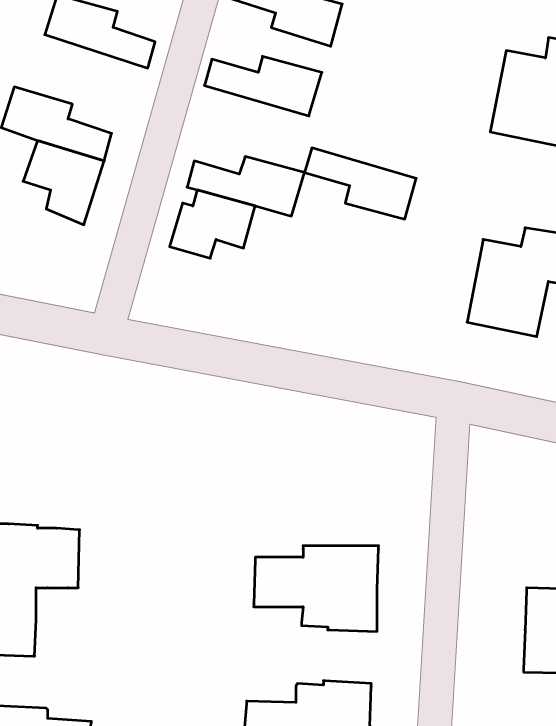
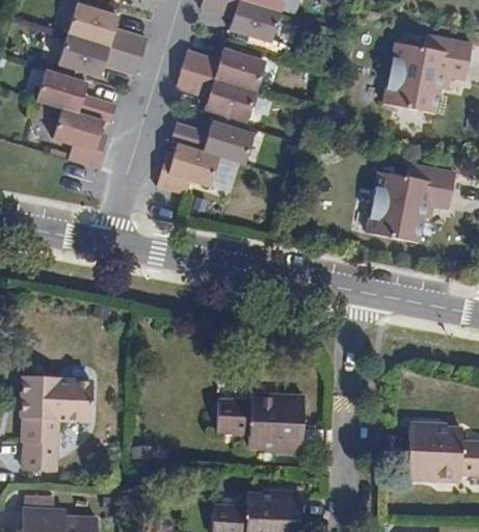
building: none -> [57,30,140,73]
building: [305,148,416,219] -> [176,66,256,117]

